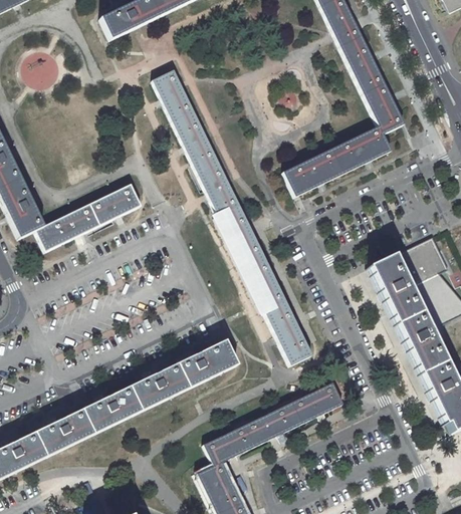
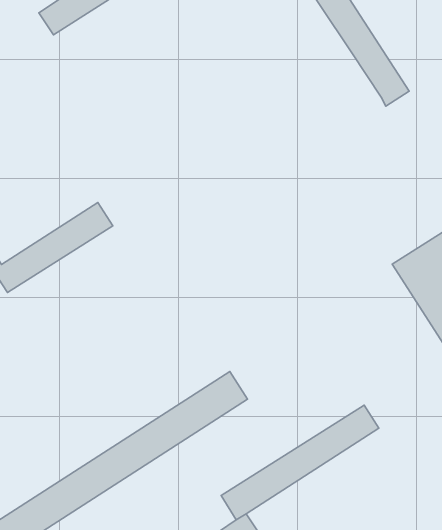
building: [152,70,310,364] -> none
building: [282,125,391,197] -> none

